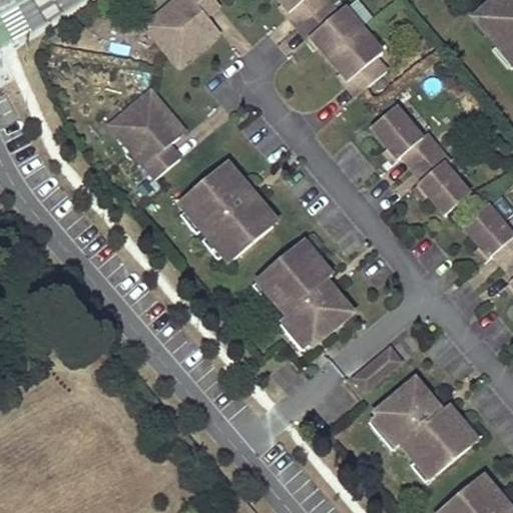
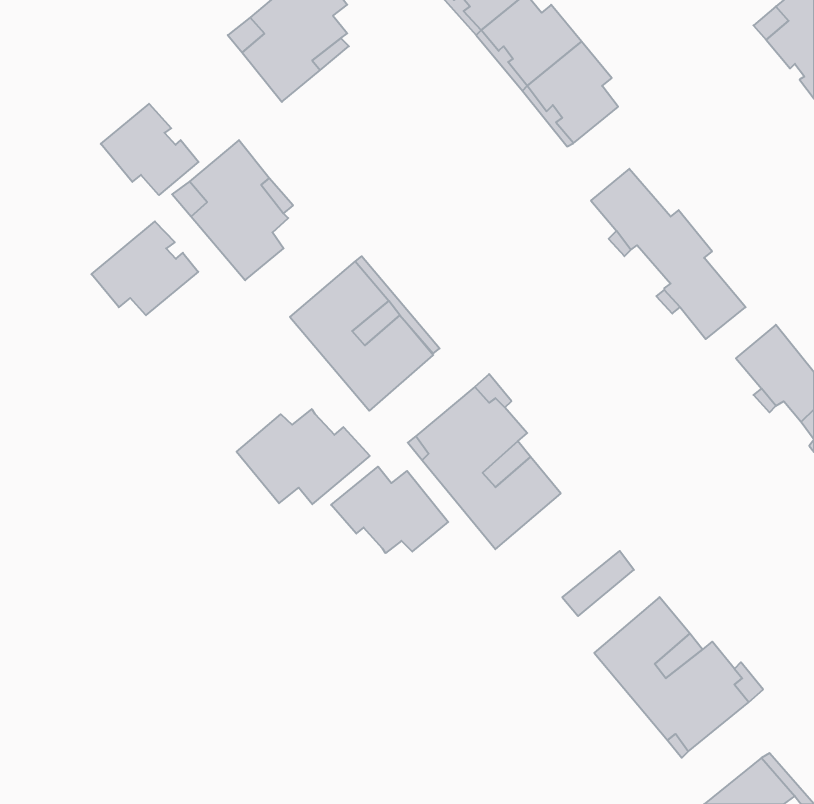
building: none -> [101,104,199,195]
building: none -> [91,221,198,315]
building: none -> [237,409,370,504]
building: none -> [331,467,448,553]

